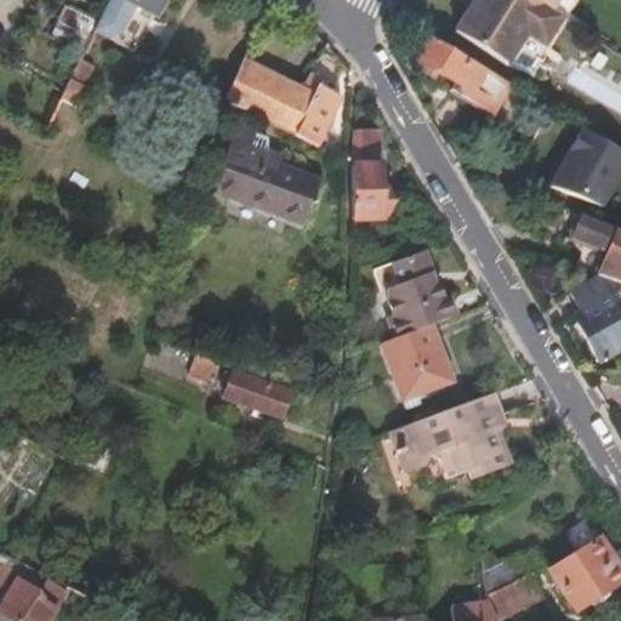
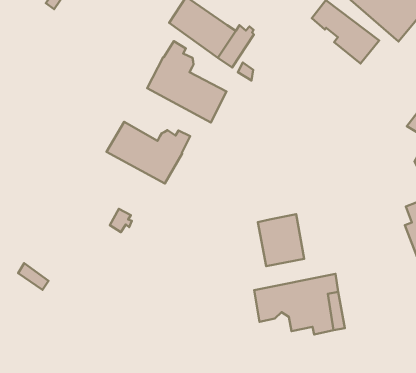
building: [353,130,398,220] -> none
building: none -> [107,122,190,184]
building: [388,245,460,336] -> none
building: [227,371,290,417] -> none

